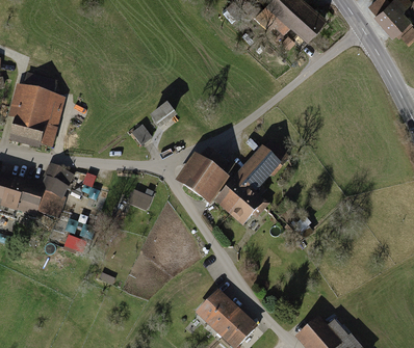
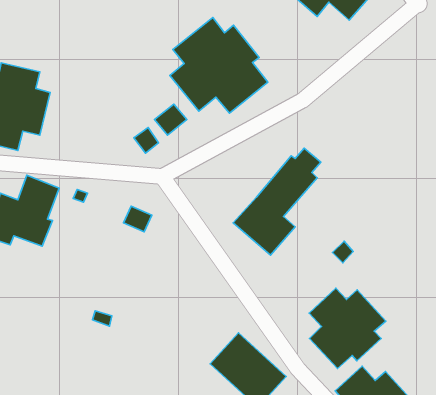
building: none -> [170,18,268,113]
building: [175,149,232,206] -> none
building: none -> [309,288,386,369]

